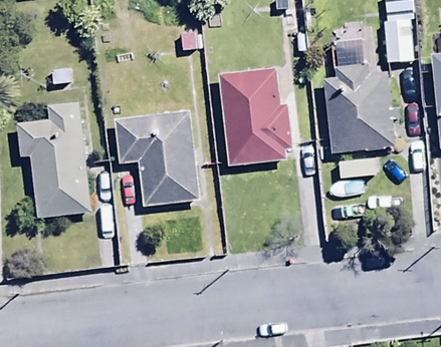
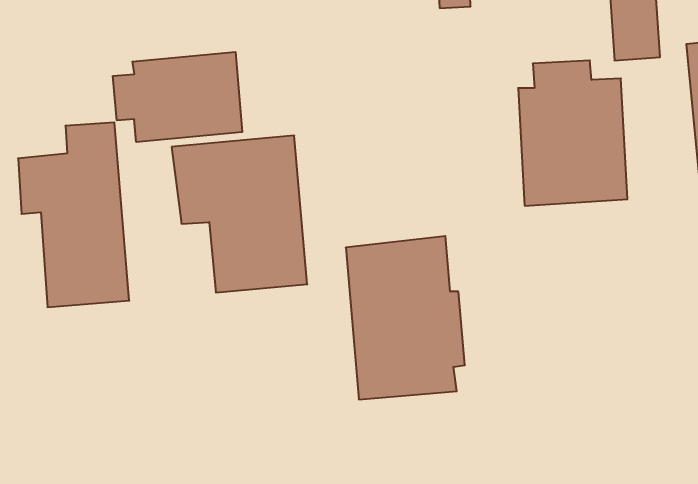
building: none -> [113,52,242,142]
building: [218,67,291,167] -> [346,236,465,399]

